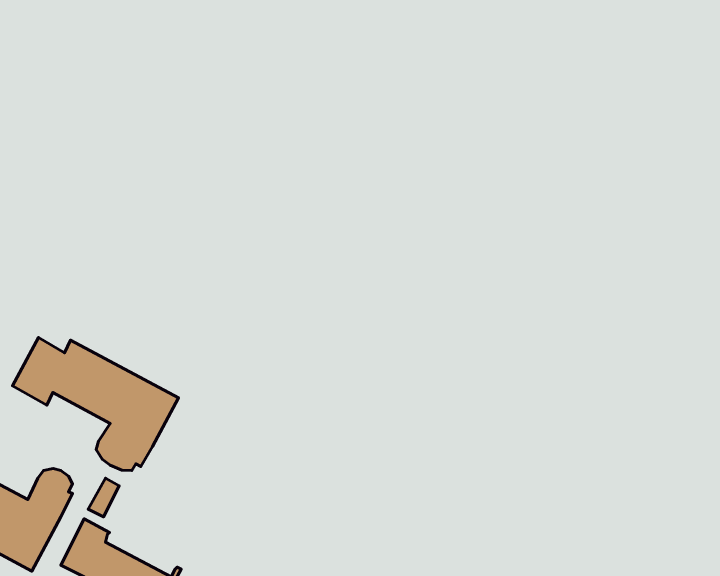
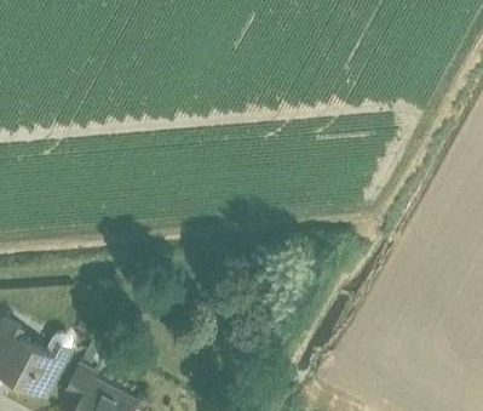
building: [13,337,178,470] -> none

